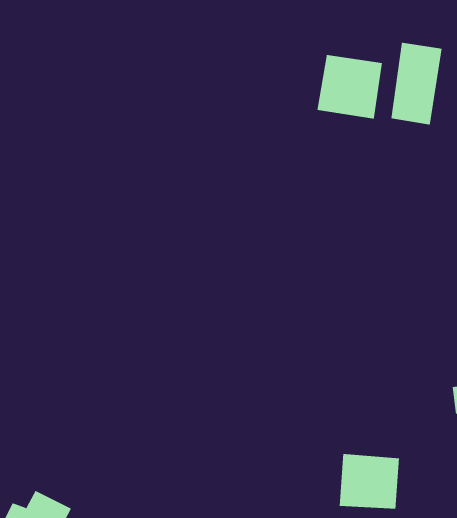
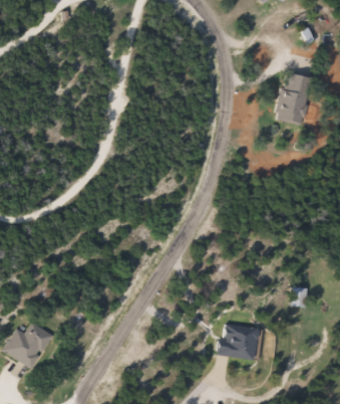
building: [317,54,383,120] -> none

